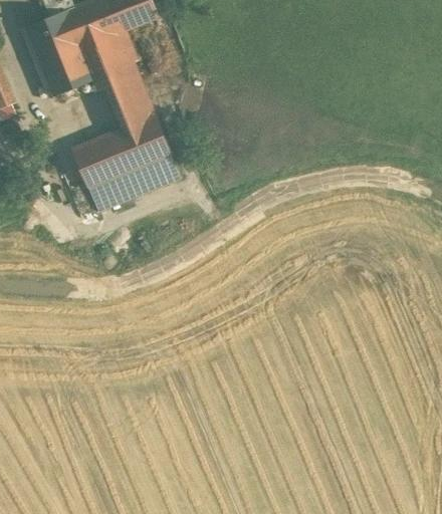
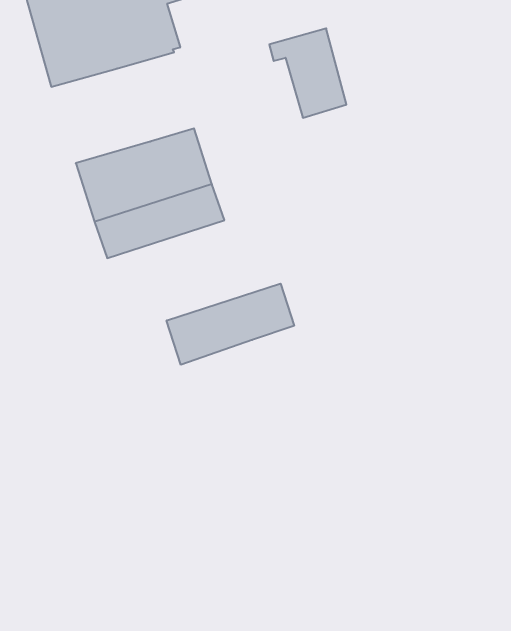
building: [95,63,153,126] -> [269,28,346,118]
building: none -> [167,284,294,365]

